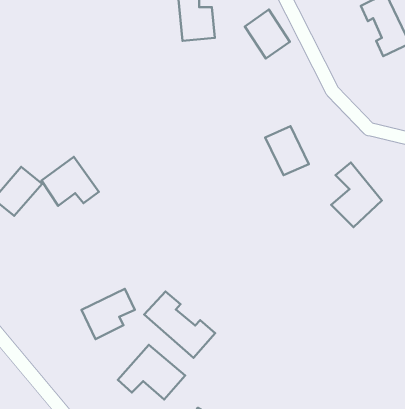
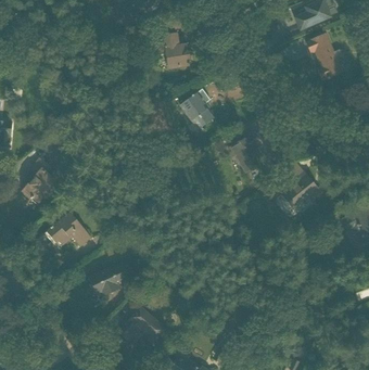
building: [245,10,290,59] -> [179,92,214,130]
building: [41,157,99,206] -> [46,210,90,248]
building: [144,291,215,358] -> none

